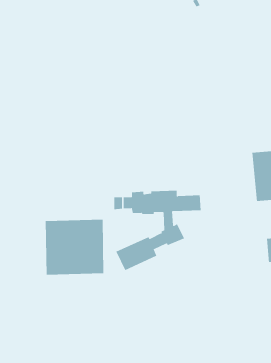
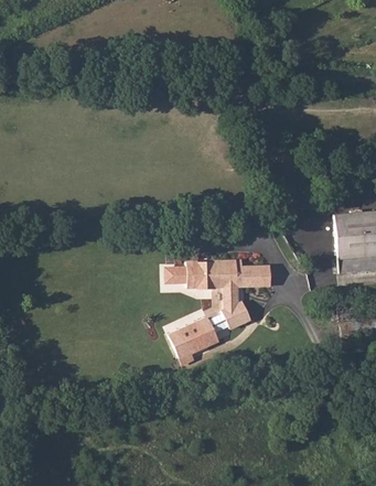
building: [45,219,104,275] -> none

